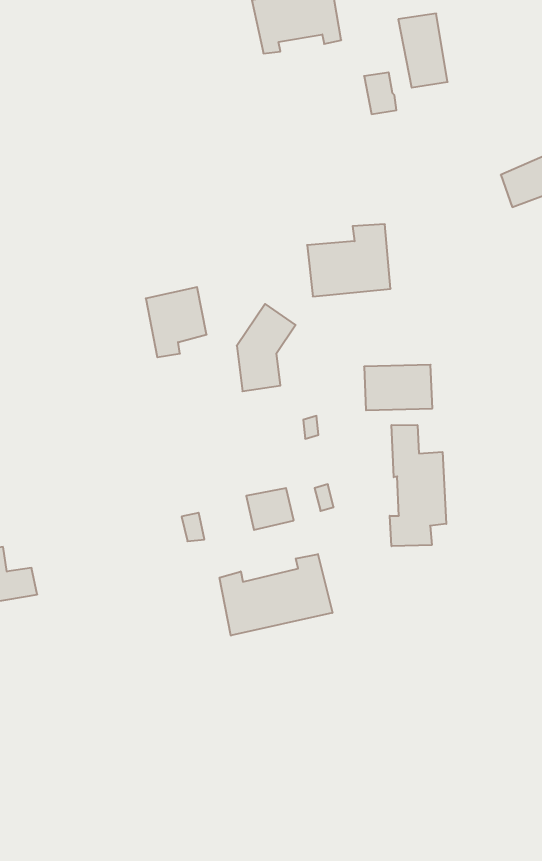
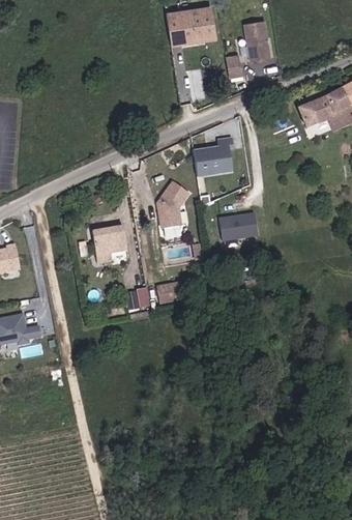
building: [146,287,207,357] -> [90,227,123,265]
building: [390,425,446,546] -> none
building: [220,554,332,636] -> none

